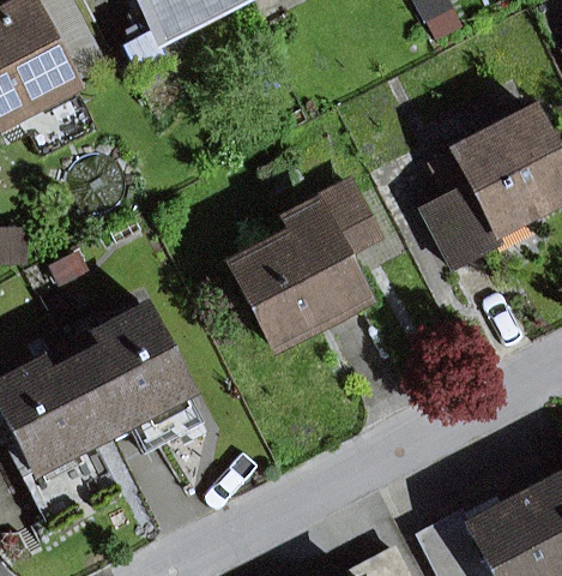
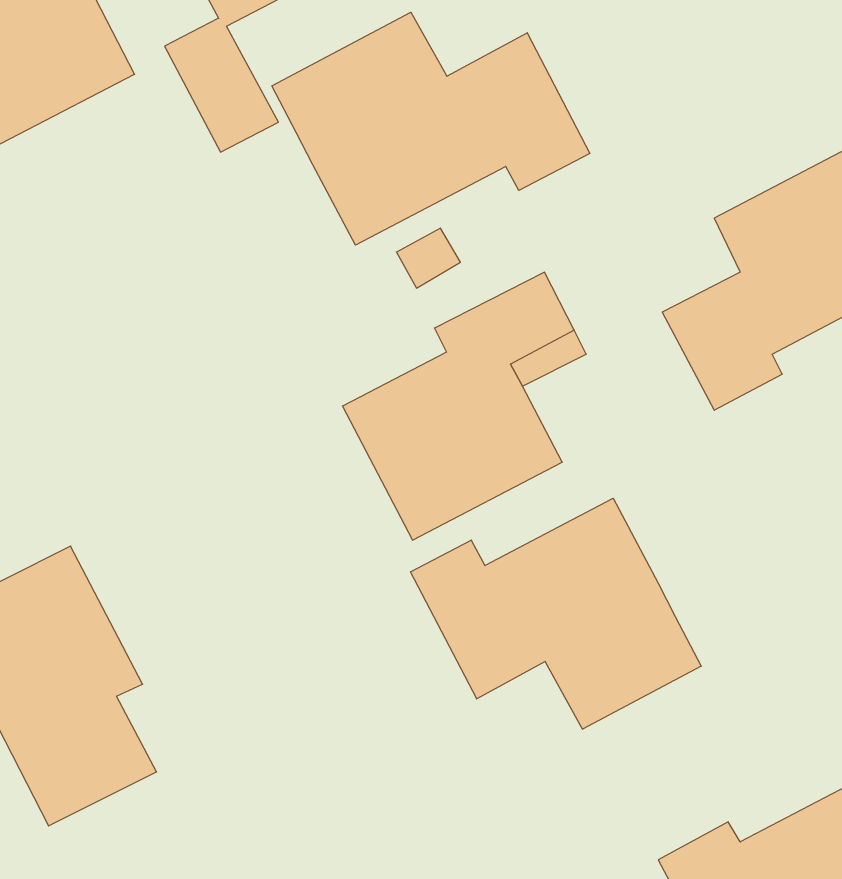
building: none -> [272,12,590,245]
building: [66,306,197,449] -> none
building: none -> [411,498,701,729]

